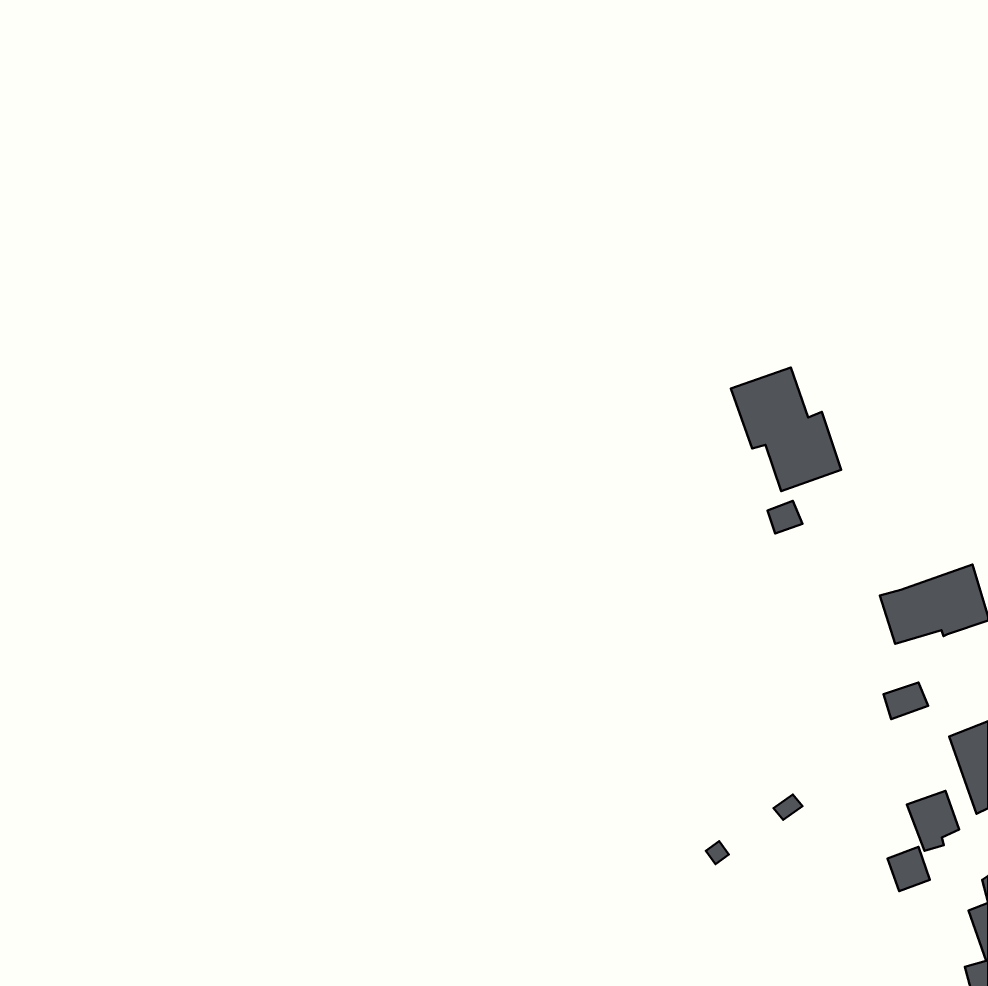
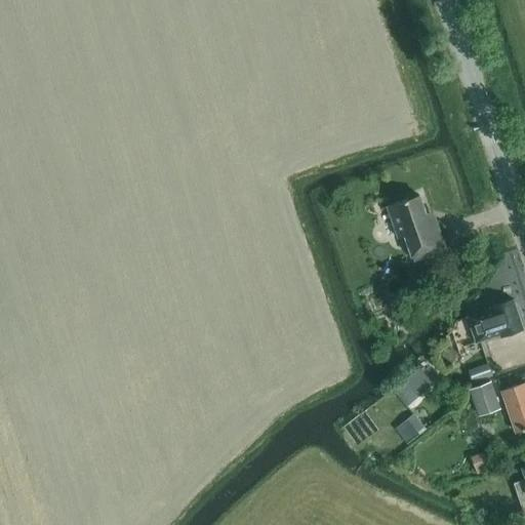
building: none -> [397,368,434,404]
building: [907,791,959,851] -> [472,383,499,415]

